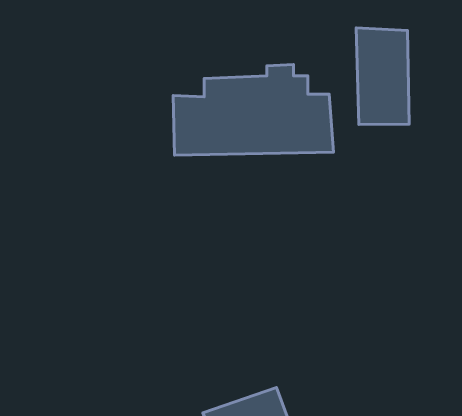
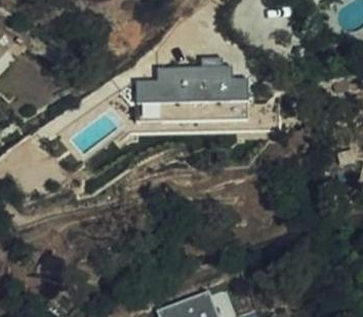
building: [356,28,409,125] -> none

